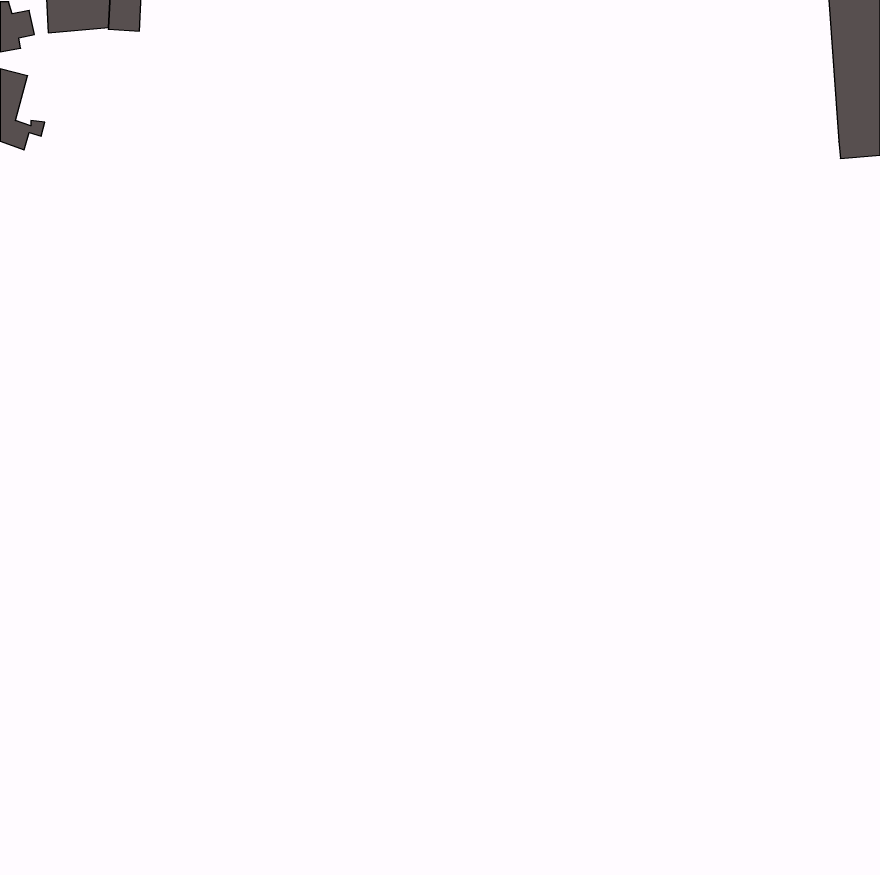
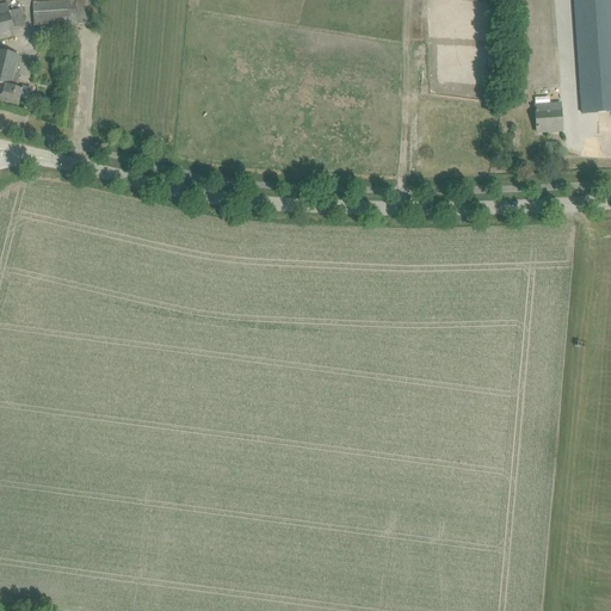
building: none -> [536,101,562,130]

